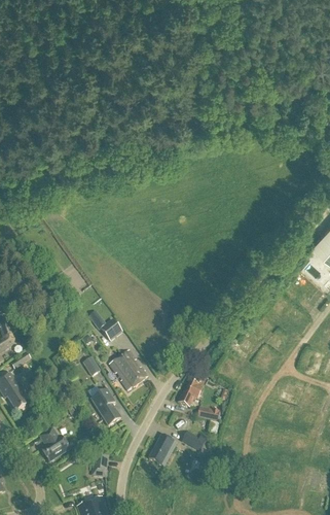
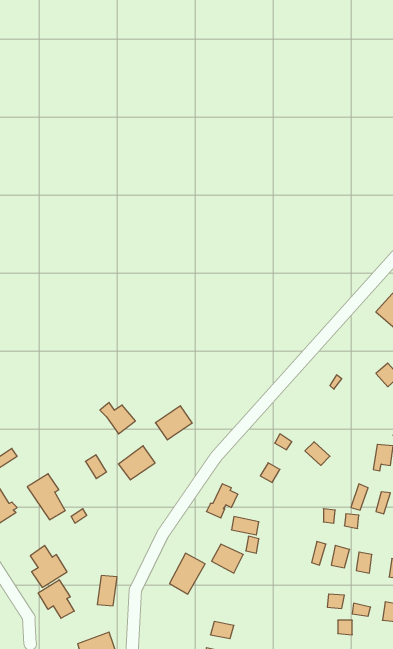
building: [118,365,147,391] -> [155,406,192,440]
building: [90,390,120,426] -> [27,474,65,520]
building: none -> [38,580,74,618]

